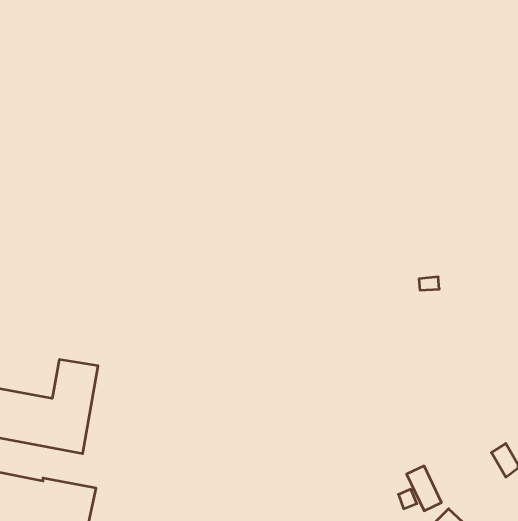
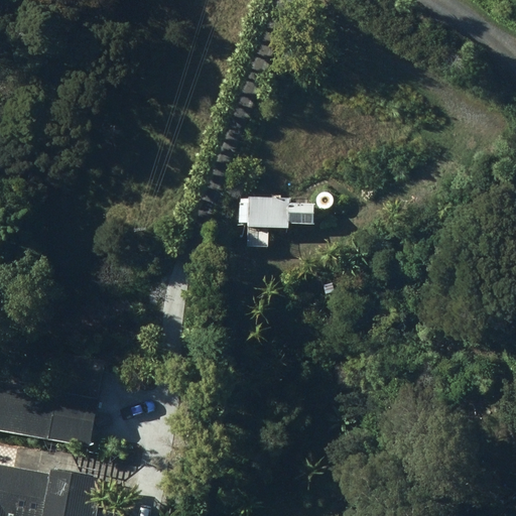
building: none -> [244,197,310,228]

